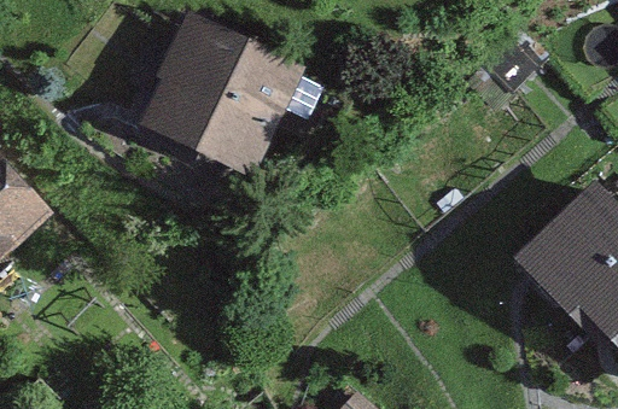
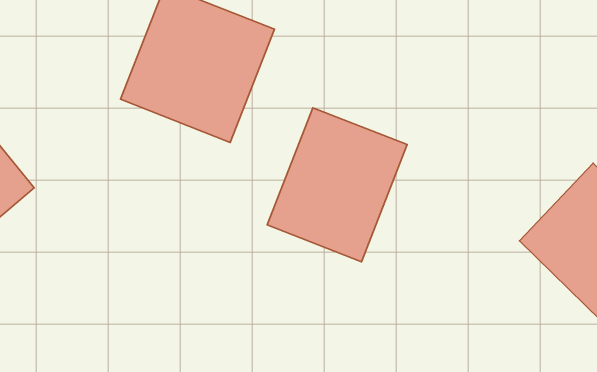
building: none -> [267,108,407,262]

